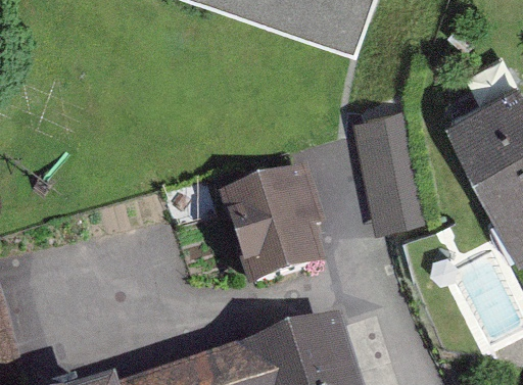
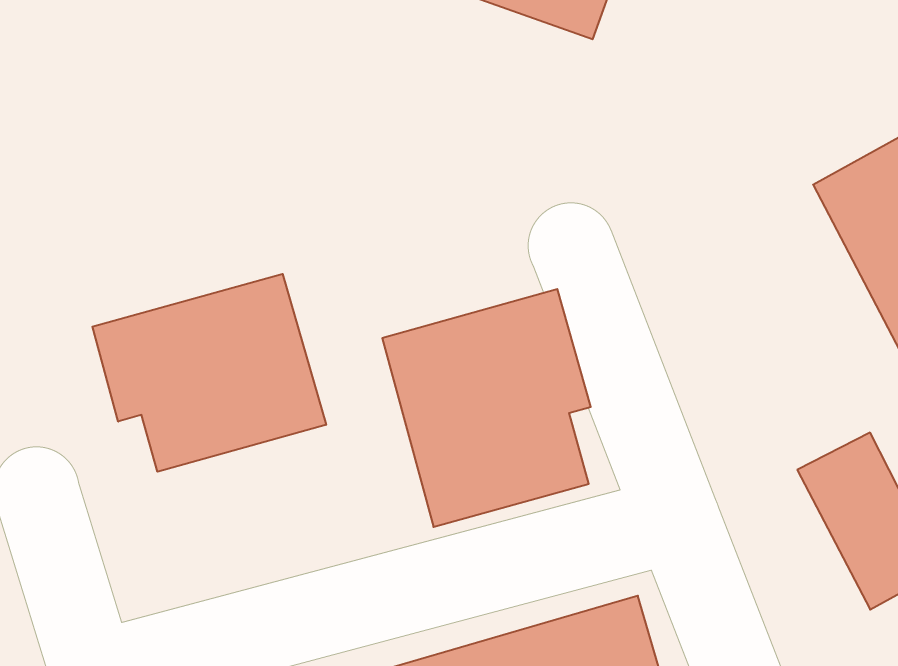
building: [344,109,422,234] -> none
building: none -> [92,274,326,472]

